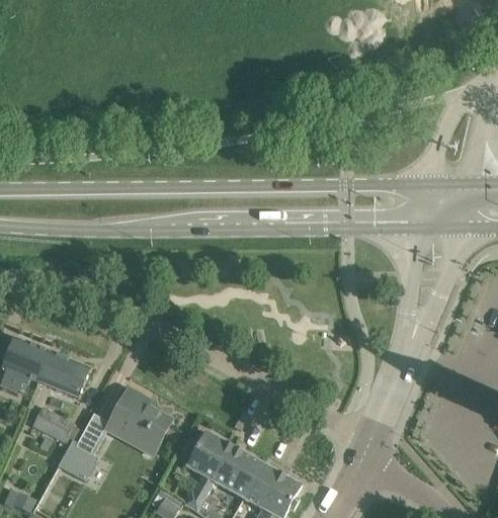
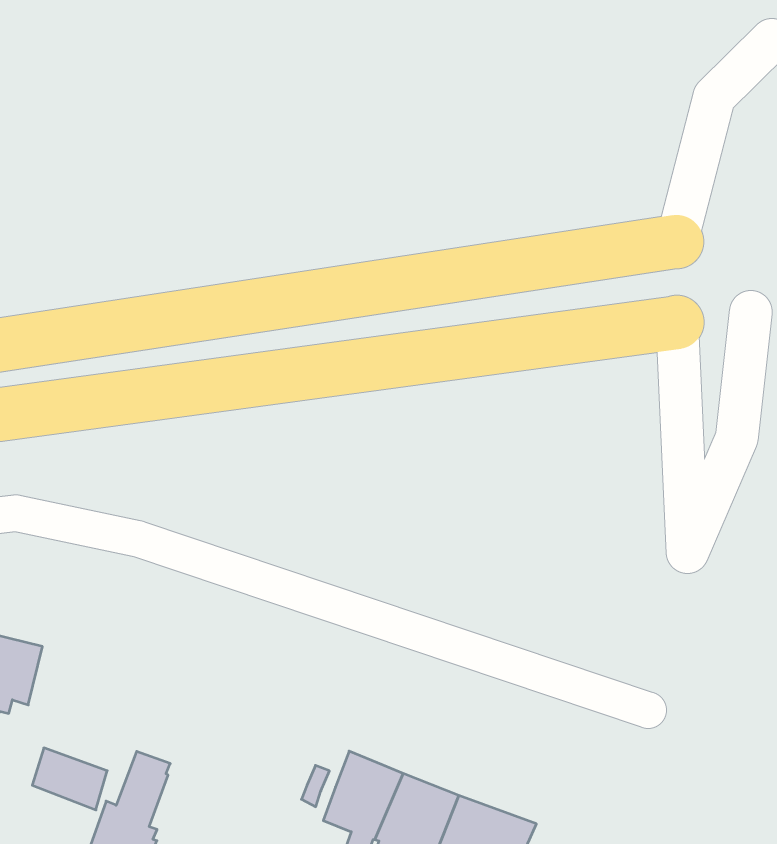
building: [37,351,90,398] -> none
building: [106,388,171,455] -> none

